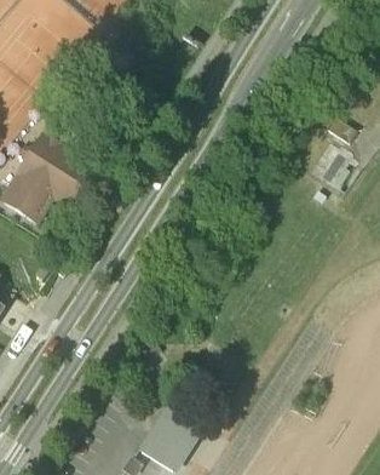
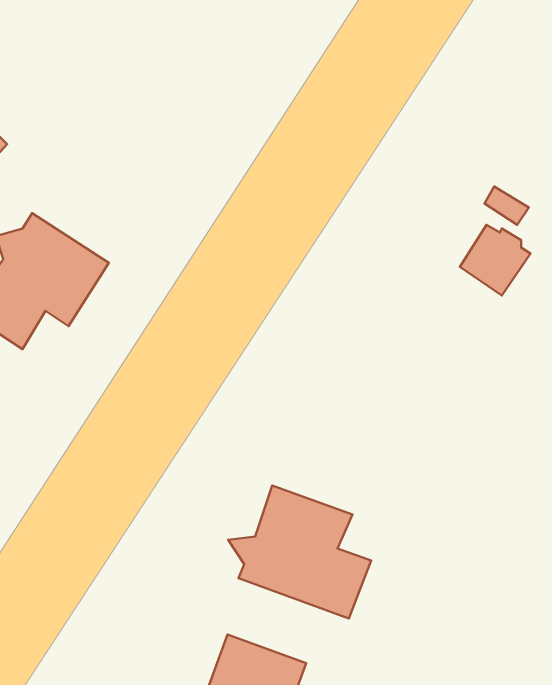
building: none -> [228,485,371,618]

